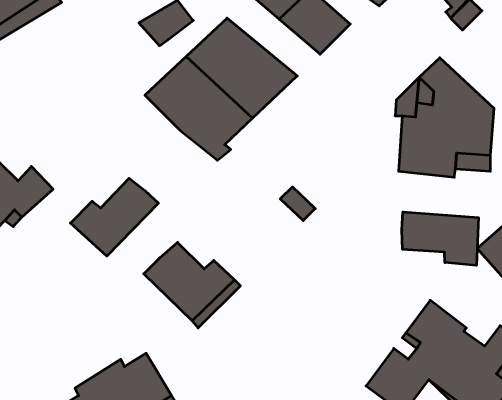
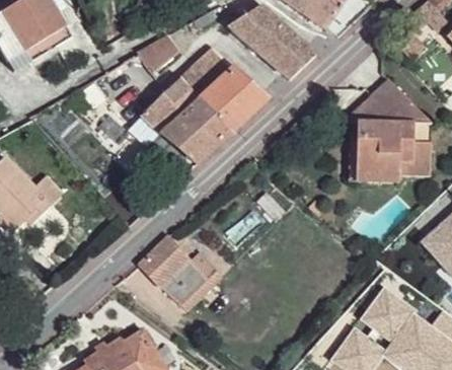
building: [70,178,158,256] -> none
building: [402,212,478,265] -> none

